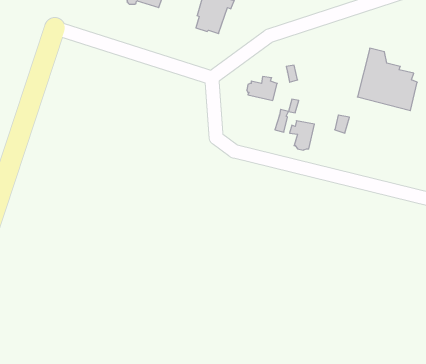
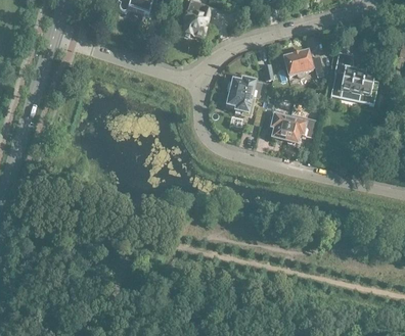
building: none -> [282,50,322,77]
building: none -> [224,91,251,113]
building: none -> [283,117,306,144]

